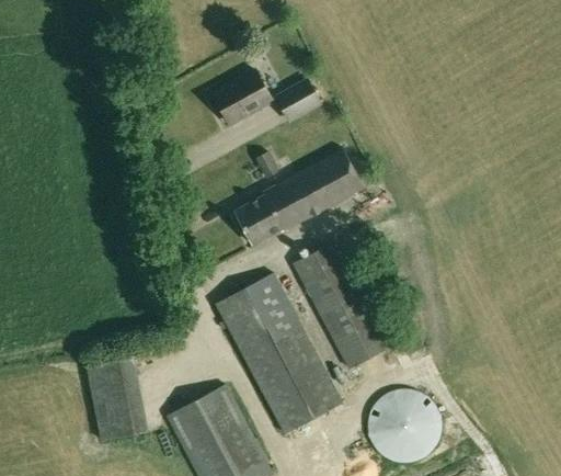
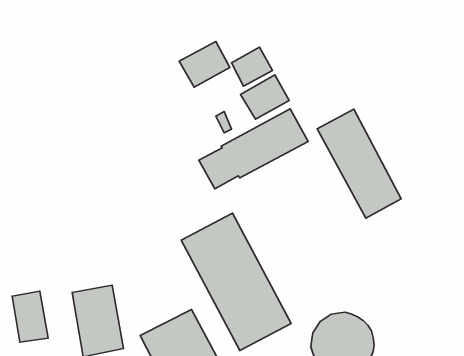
building: none -> [240,75,289,119]
building: [293,240,391,369] -> [317,109,401,218]
building: none -> [12,291,48,342]

